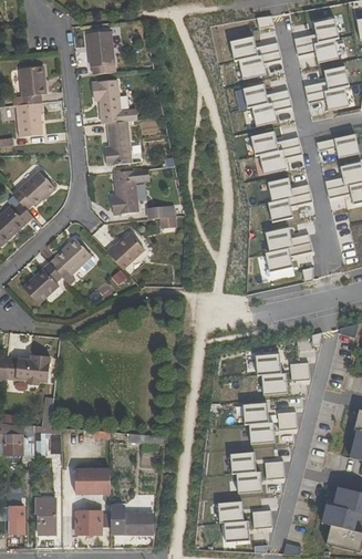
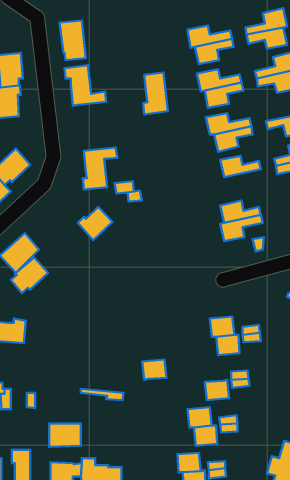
building: [107,120,134,165] -> [143,73,168,114]
building: [263,191,310,221] -> none
building: [52,238,93,277] -> [11,257,48,293]
building: [240,402,267,424] -> [142,359,167,380]

